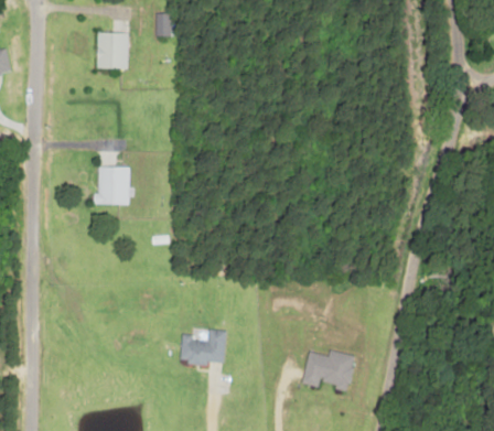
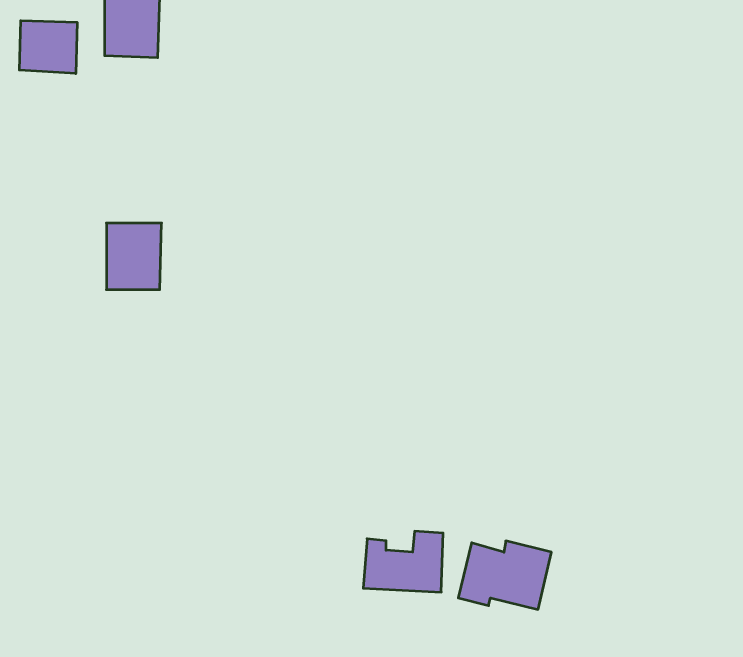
building: none -> [19,21,77,74]
building: [179,328,225,364] -> [363,531,443,592]

